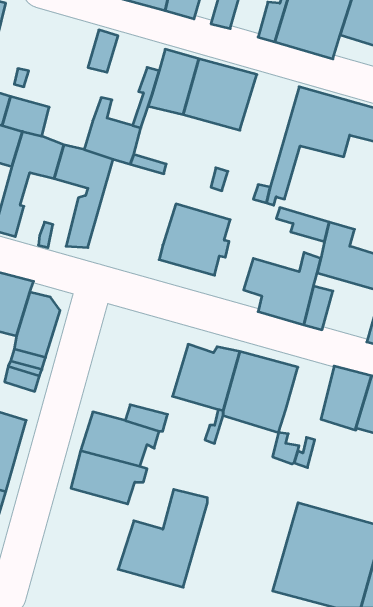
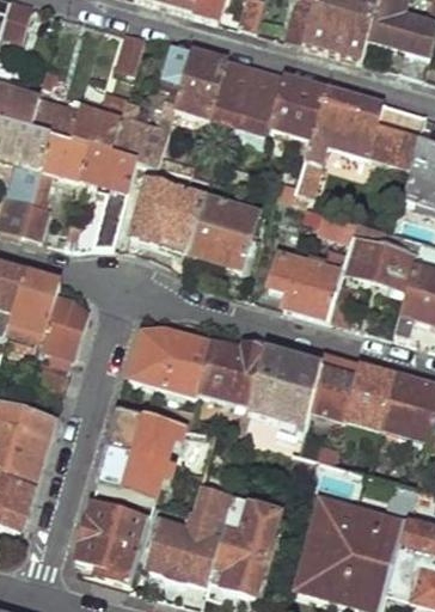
building: none -> [266,75,324,137]
building: none -> [69,91,128,149]
building: none -> [133,182,203,244]
building: none -> [128,329,214,396]
building: none -> [311,353,359,416]
building: none -> [209,498,280,594]
building: none -> [75,501,148,582]

